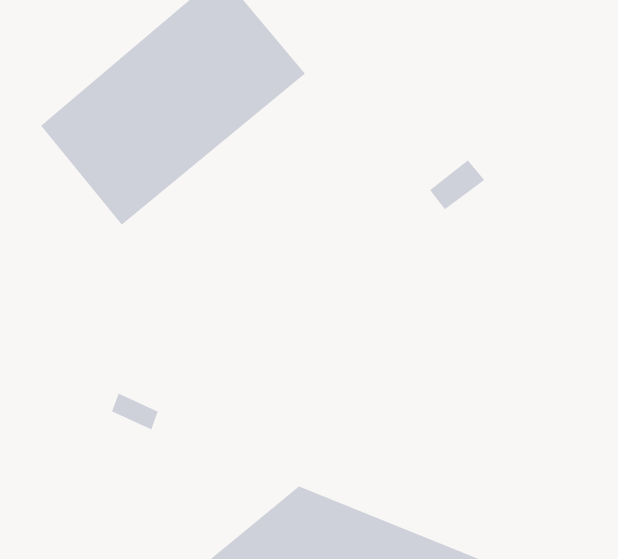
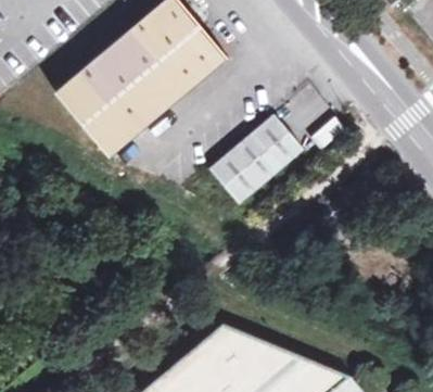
building: none -> [211,115,303,204]

